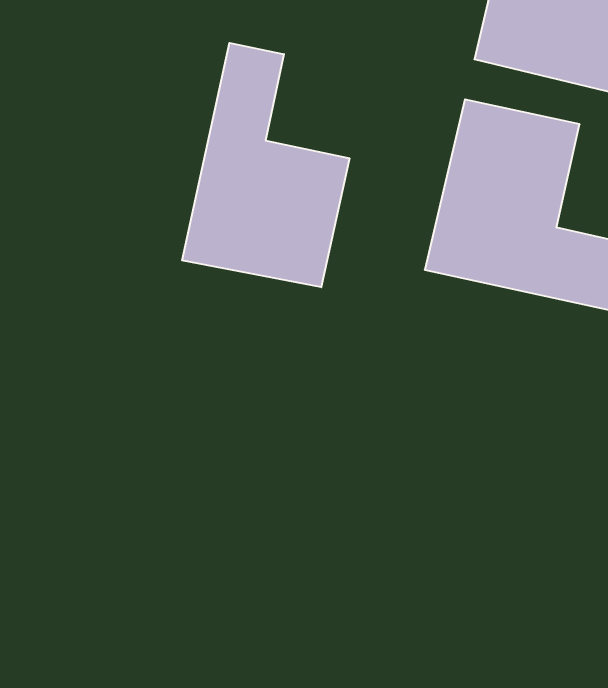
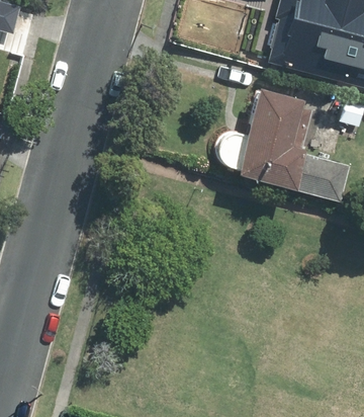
building: [182,43,349,287] -> none

